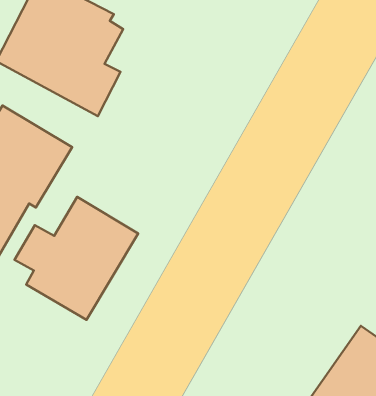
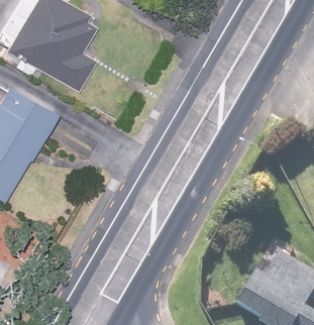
building: [14,197,138,320] -> none

